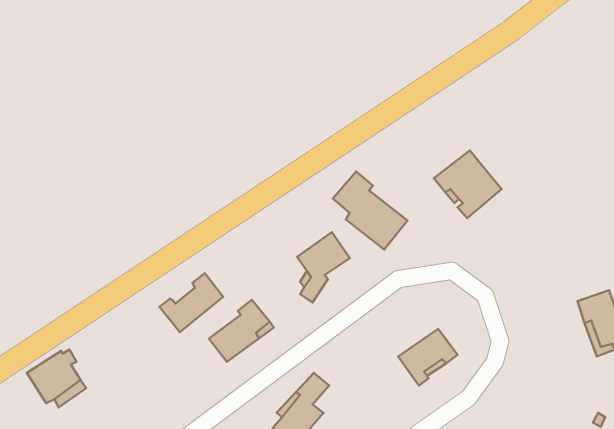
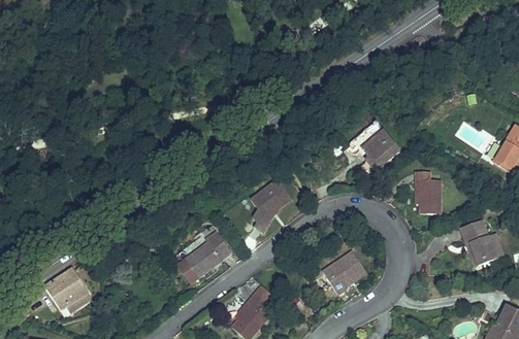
building: [333,171,408,249] -> none
building: none -> [417,172,441,213]
building: [160,273,223,332] -> none

